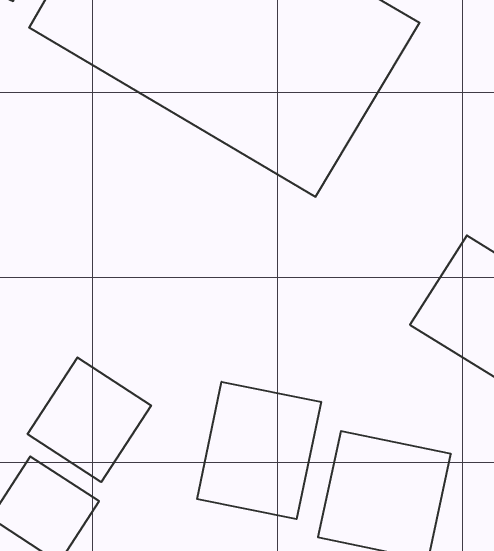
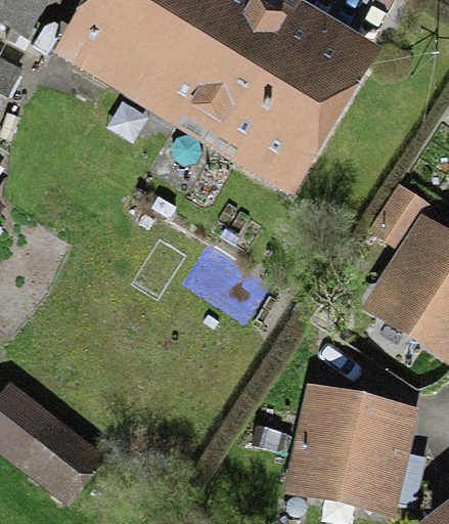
building: [28,357,151,482] -> none
building: [197,382,321,519] -> none

